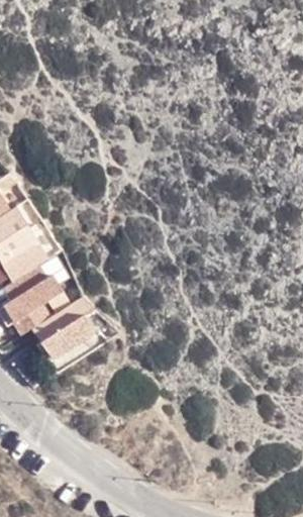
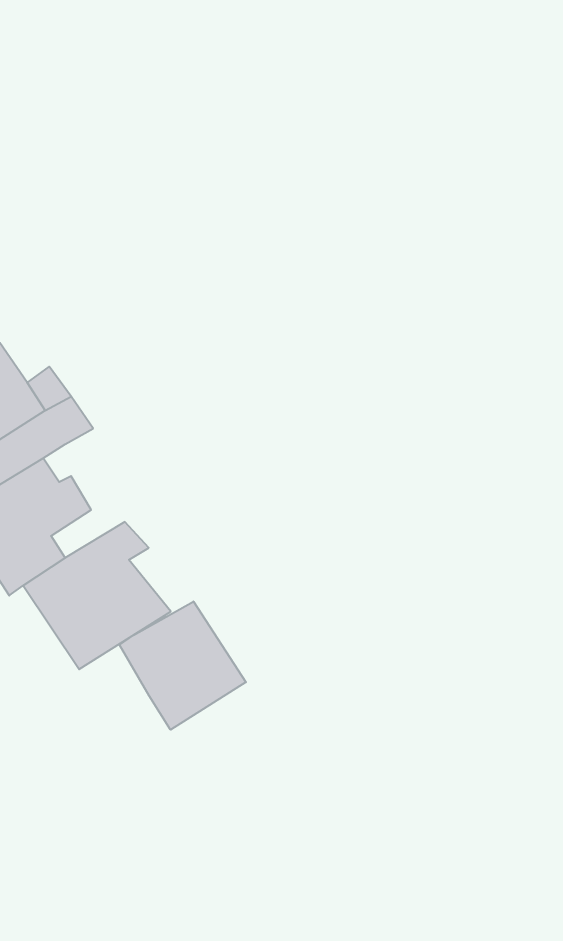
building: none -> [120,601,246,730]

